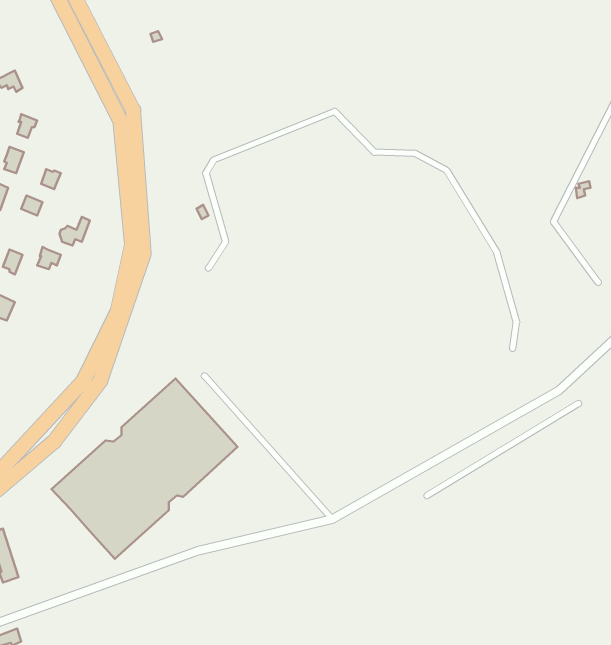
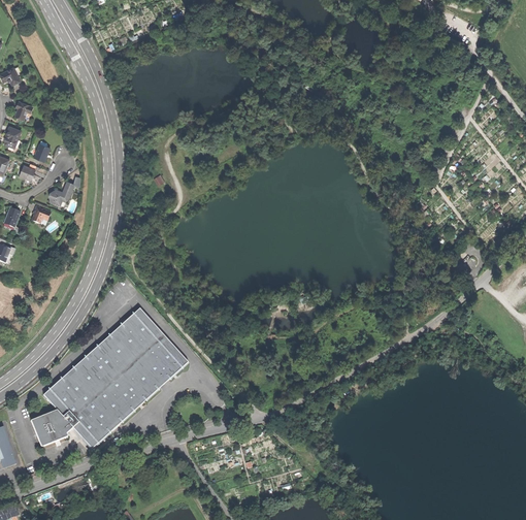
building: none -> [31,410,72,447]

